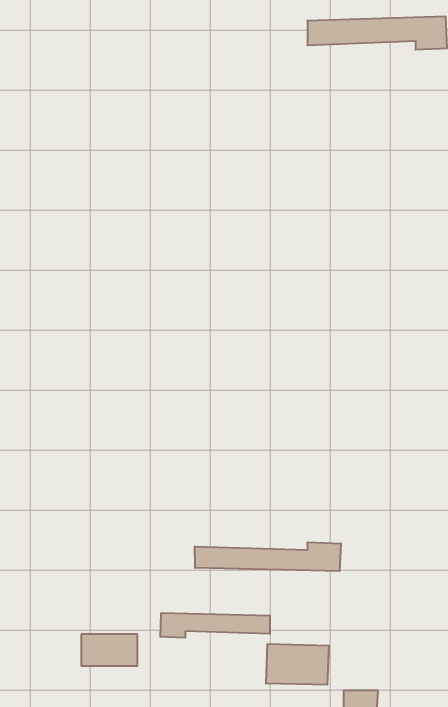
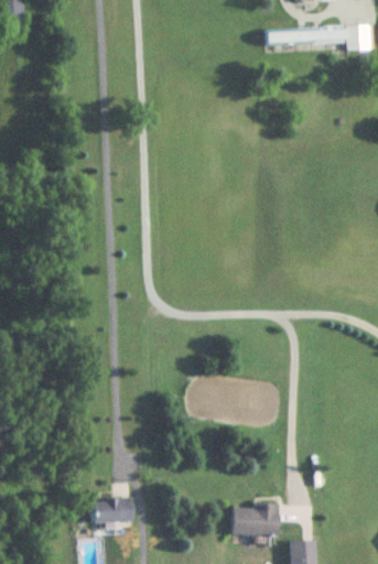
building: [195,542,341,571] -> none
building: [160,613,270,638] -> none

